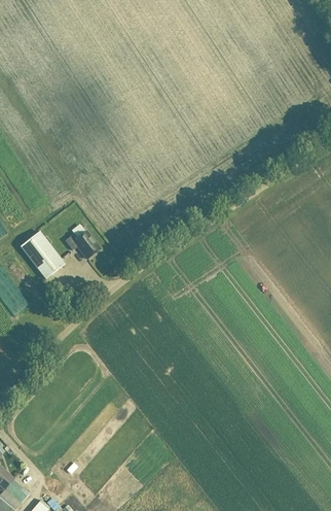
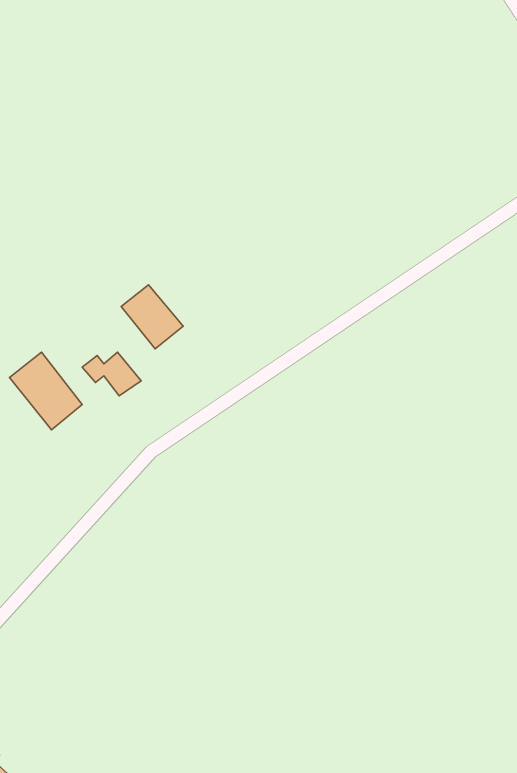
building: none -> [121,285,183,349]

